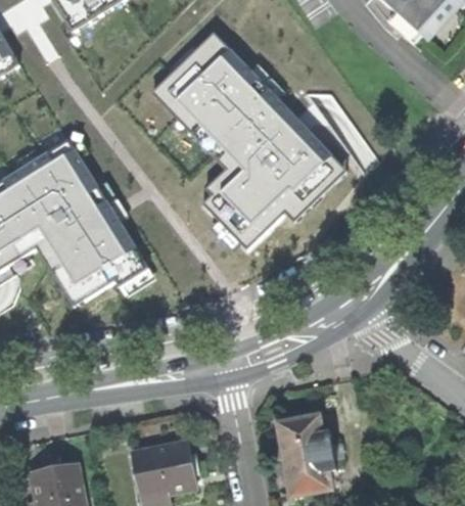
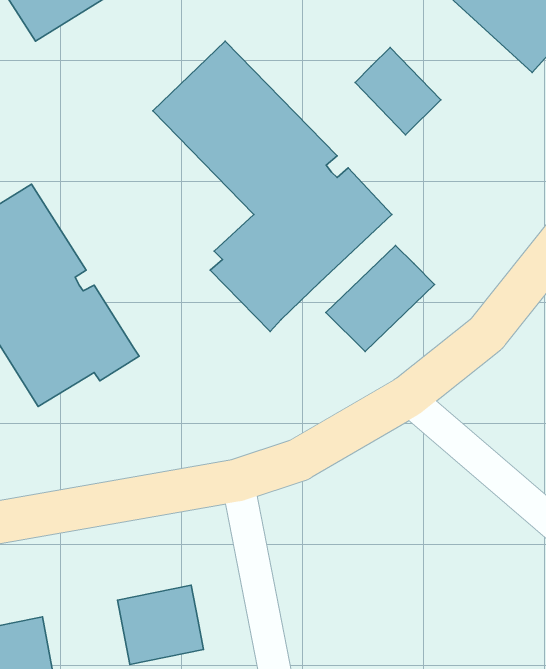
building: none -> [355,48,441,135]
building: none -> [326,245,435,352]
building: [280,415,336,495] -> none

